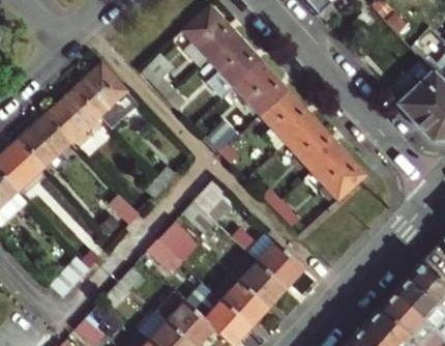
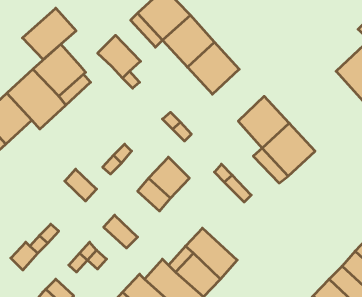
building: none -> [22,8,76,60]
building: [260,88,314,142] -> none
building: [158,222,201,263] -> none
building: [249,233,304,286] -> none

